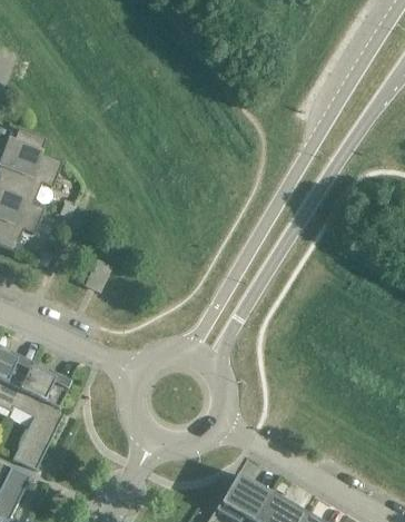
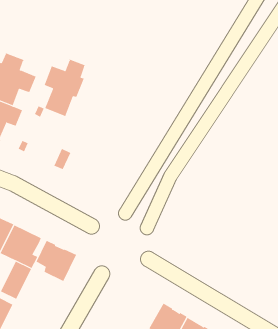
building: none -> [44,58,86,117]
building: none -> [36,240,77,282]

